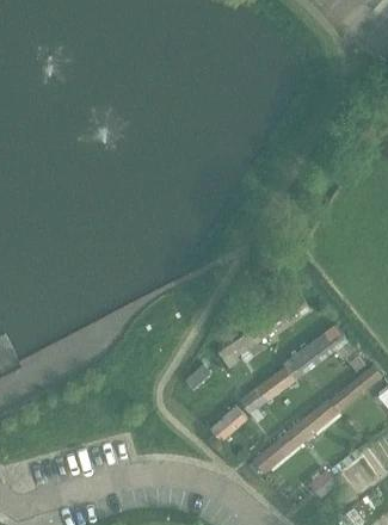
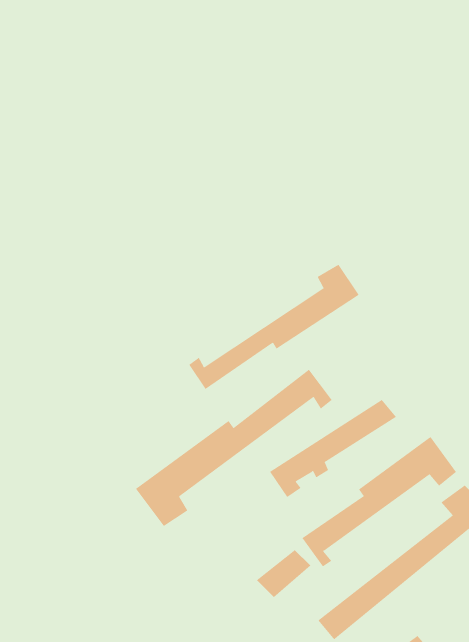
building: none -> [188,264,359,390]
building: none -> [135,369,332,527]

